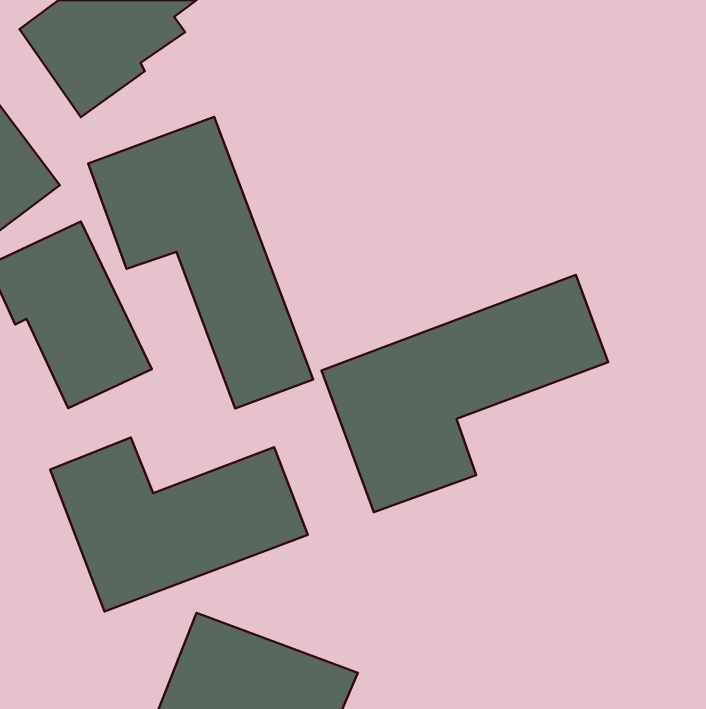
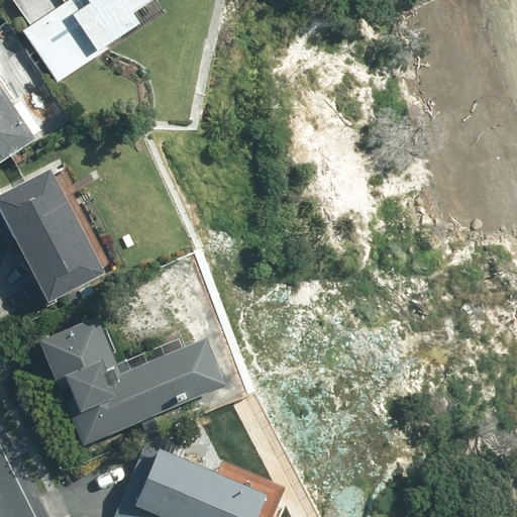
building: [88,117,313,408] -> none
building: [322,275,608,512] -> none

